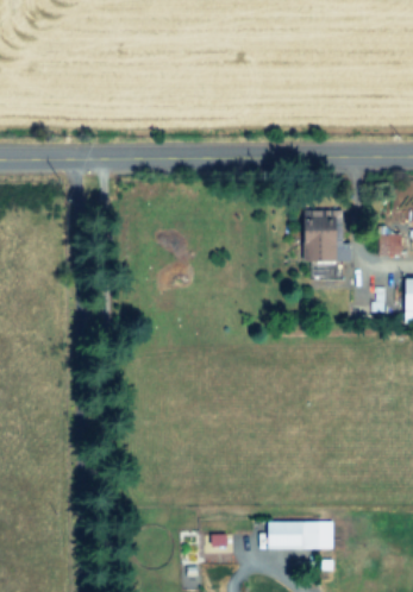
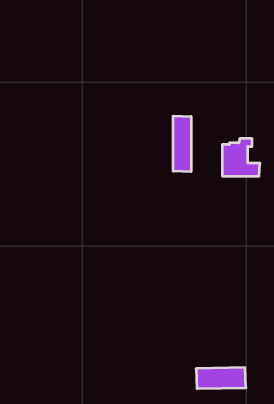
building: none -> [173,116,191,172]

